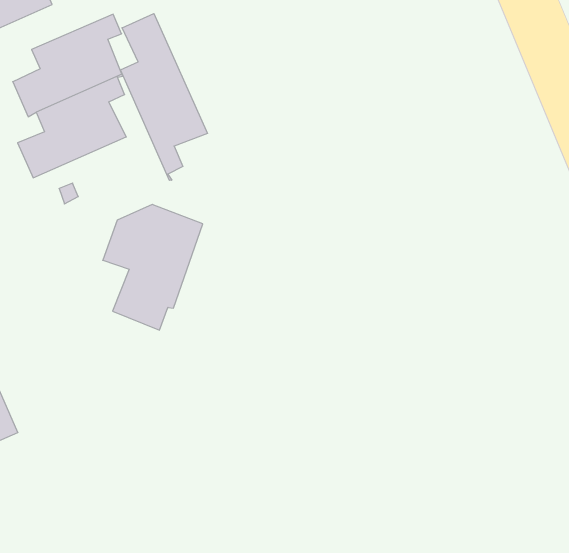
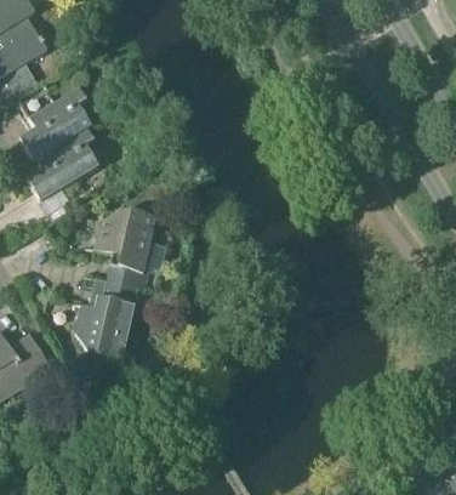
building: [121,14,208,180] -> none
building: none -> [74,278,137,360]

